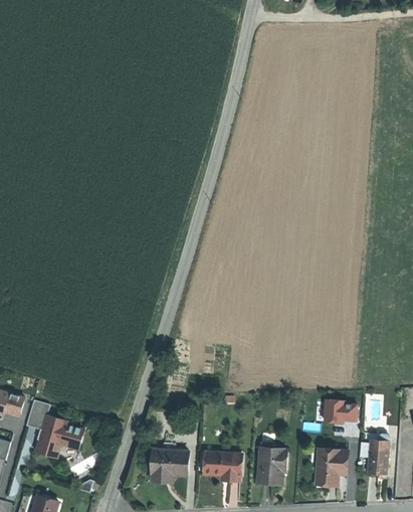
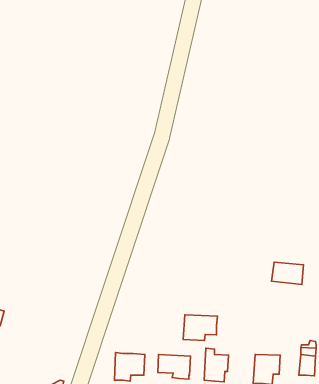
building: [322,398,359,424] -> [272,262,303,285]
building: [26,400,82,456] -> none
building: none -> [183,315,218,341]

